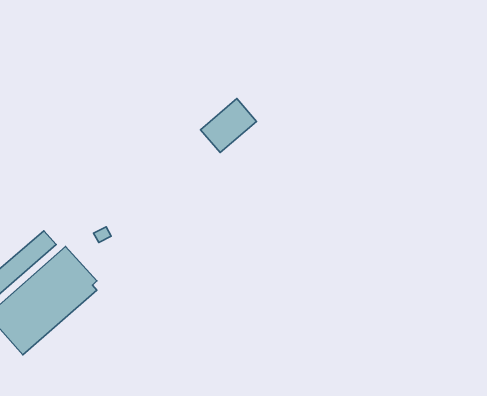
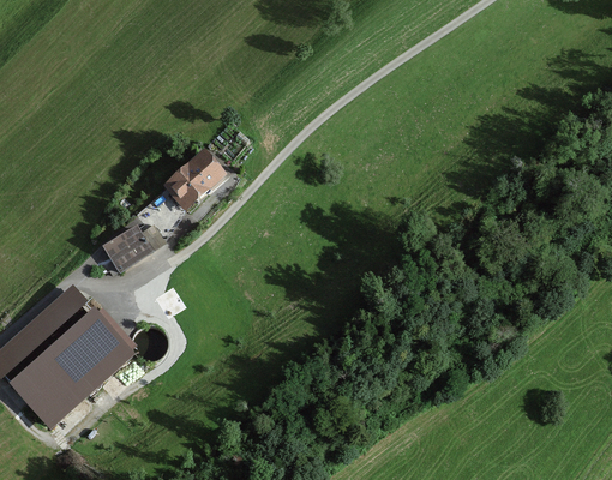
building: [200,99,257,153] -> [161,149,226,211]
building: none -> [101,222,166,272]

